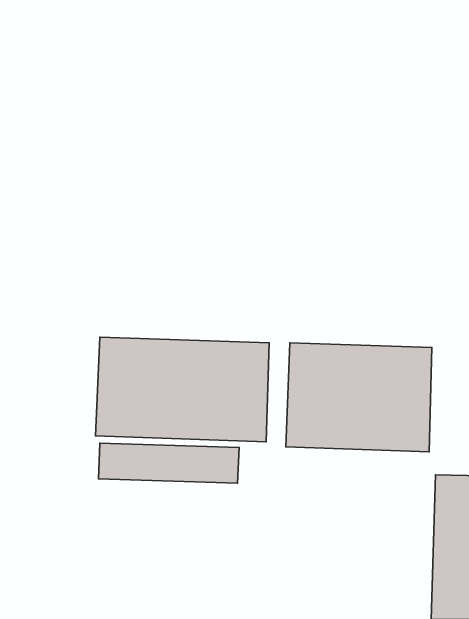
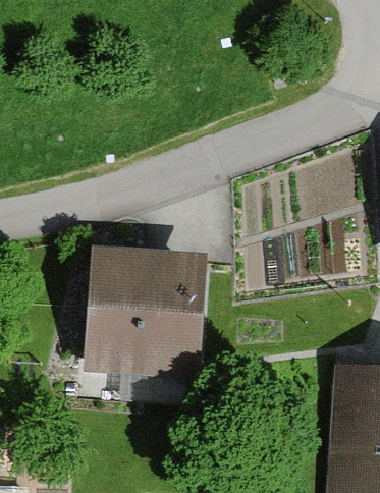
building: none -> [101,244,211,292]
building: [286,343,432,452] -> none

